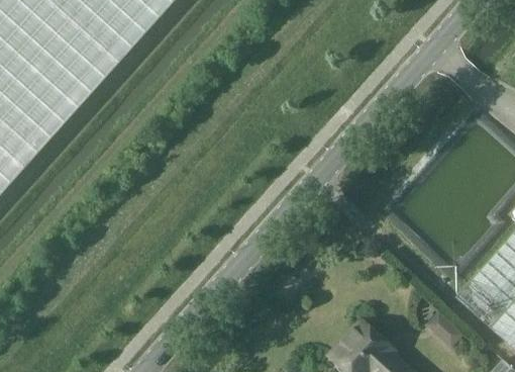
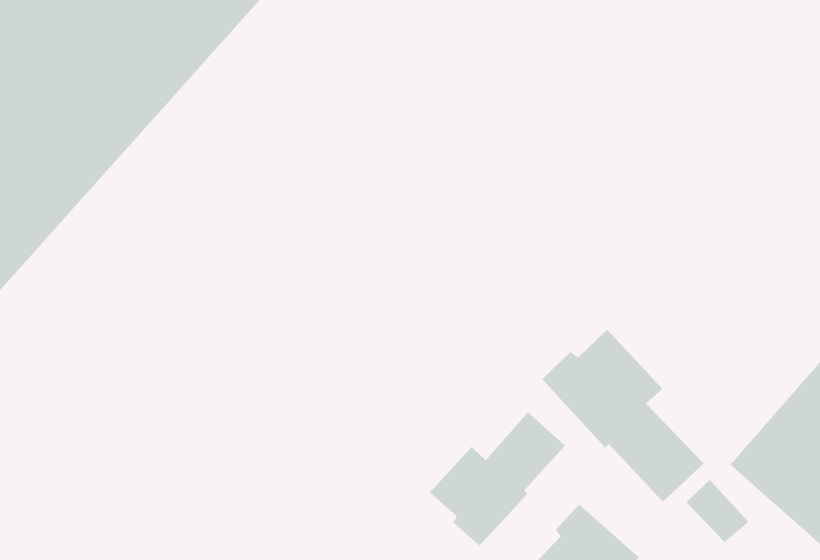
building: none -> [542,329,705,503]
building: none -> [429,411,566,546]

